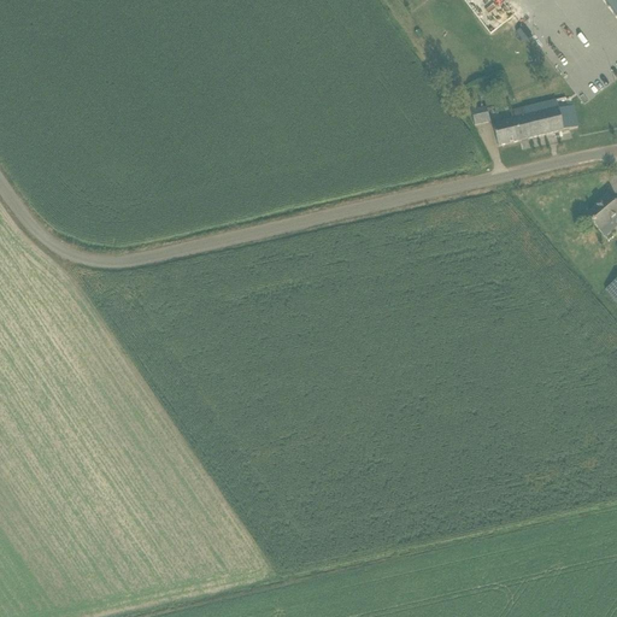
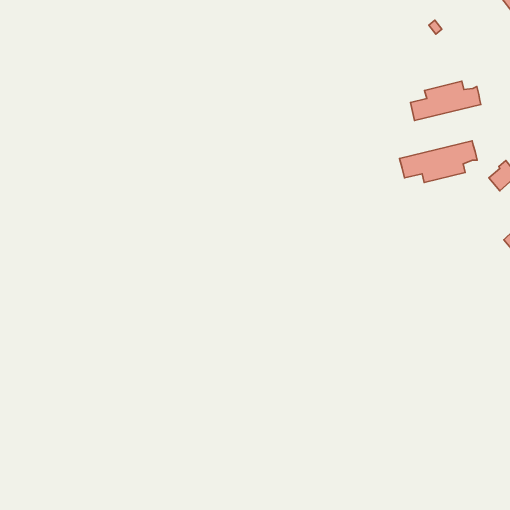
building: none -> [399,141,477,182]

